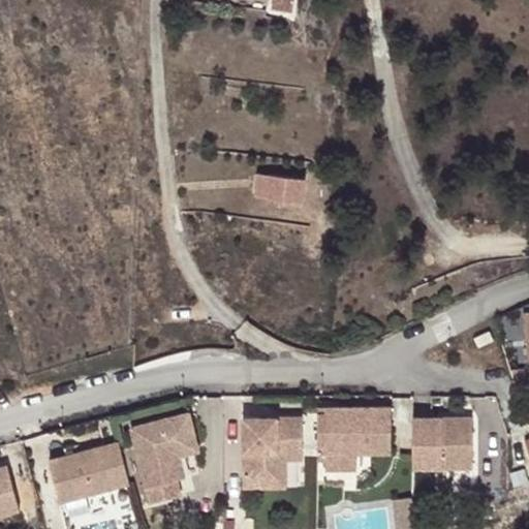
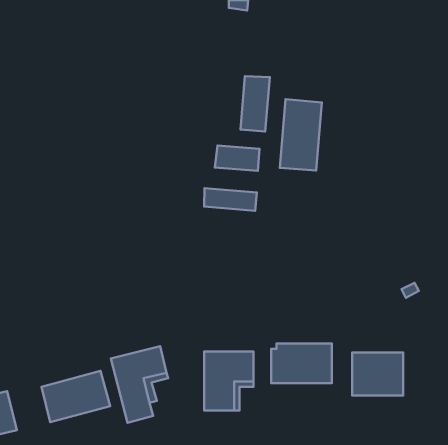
building: none -> [240,76,270,131]
building: none -> [280,99,322,170]
building: none -> [204,188,257,211]

